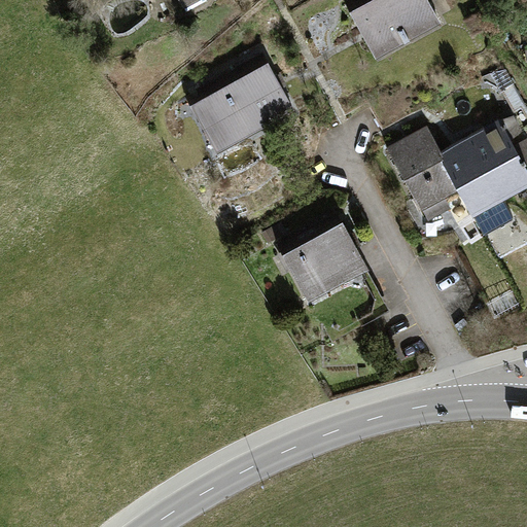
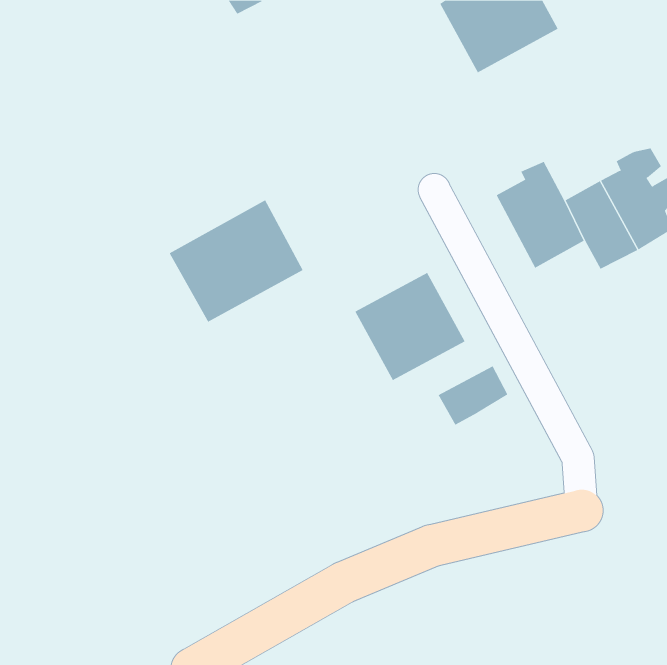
building: [187,58,293,154] -> [169,199,303,322]
building: none -> [438,365,508,425]

